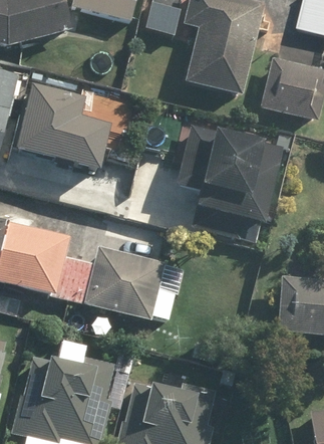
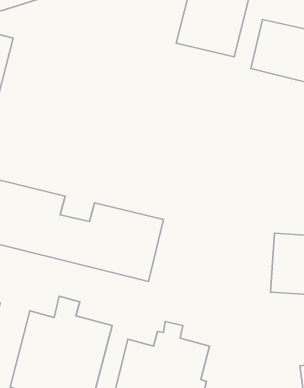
building: [11,84,108,171] -> none
building: [178,124,287,240] -> none

